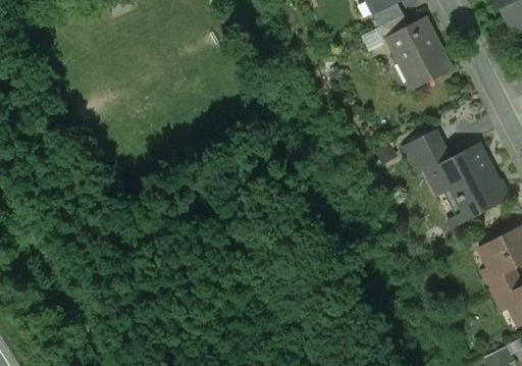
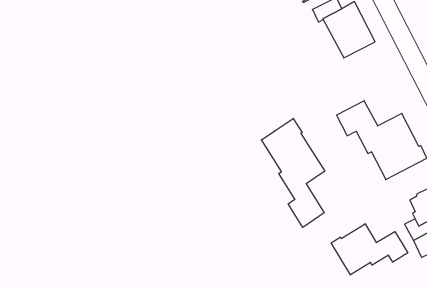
building: none -> [261,118,325,227]
building: none -> [331,224,408,275]

